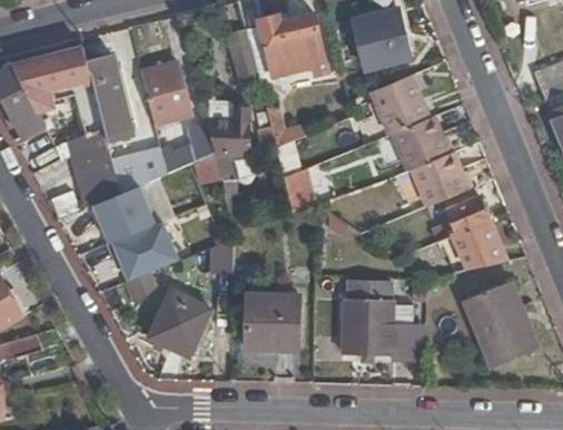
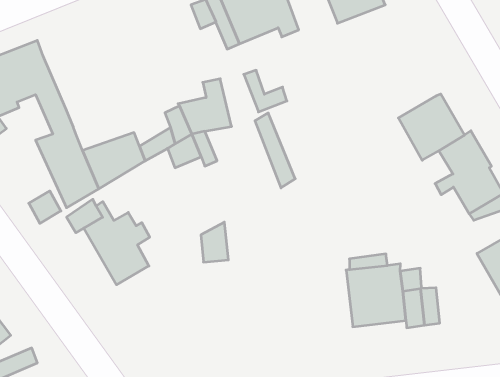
building: [88,55,132,136] -> none
building: [142,60,194,123] -> none
building: [369,74,447,166] -> none
building: [149,290,211,359] -> none
building: [245,291,299,351] -> none

